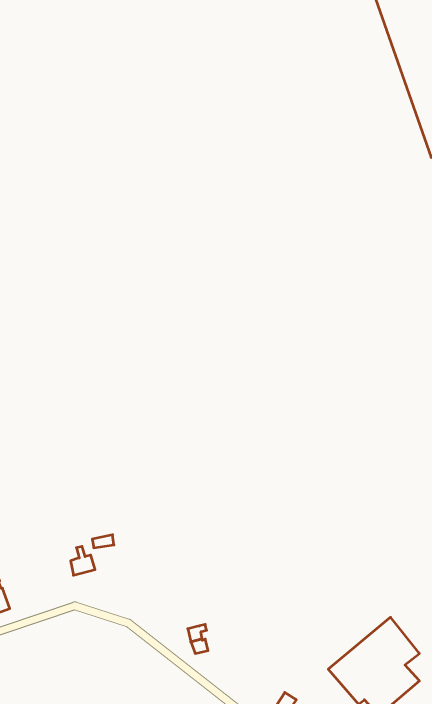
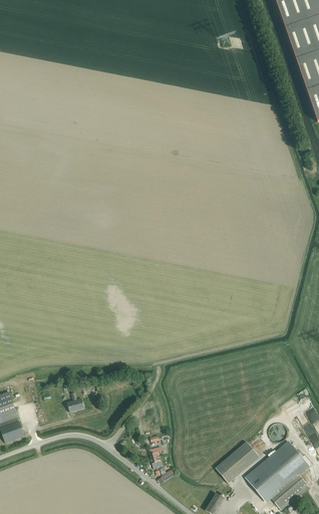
building: none -> [216,441,260,483]

